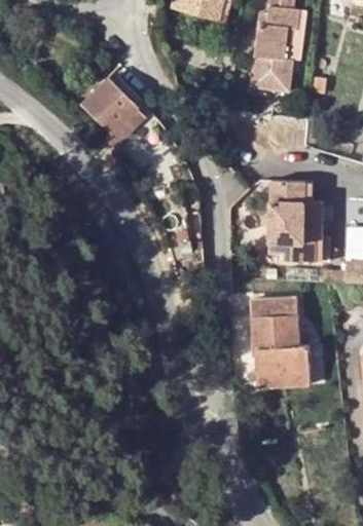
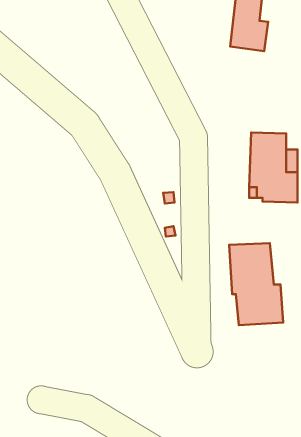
building: [83,79,149,150] -> none

